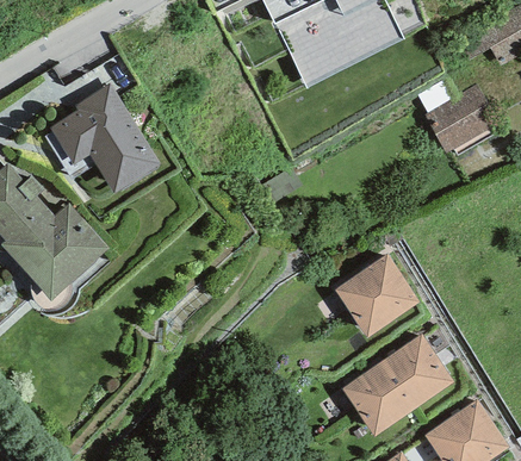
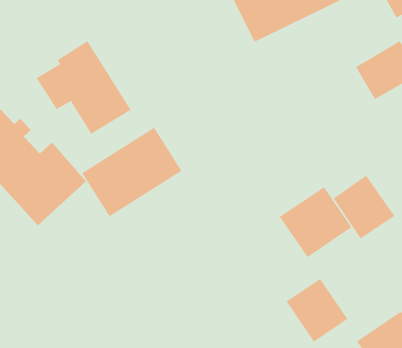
building: none -> [81,127,182,217]
building: [382,334,454,409] -> [333,175,395,239]

